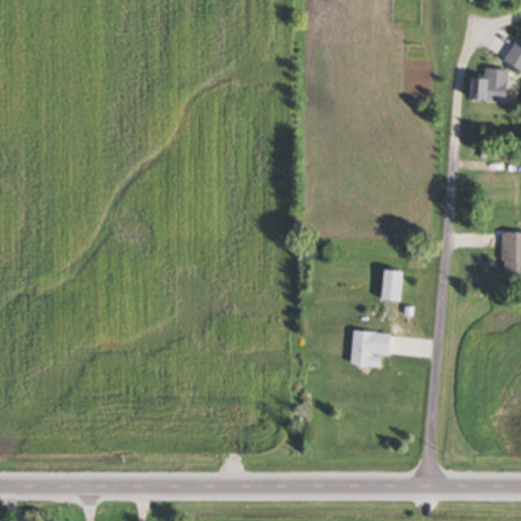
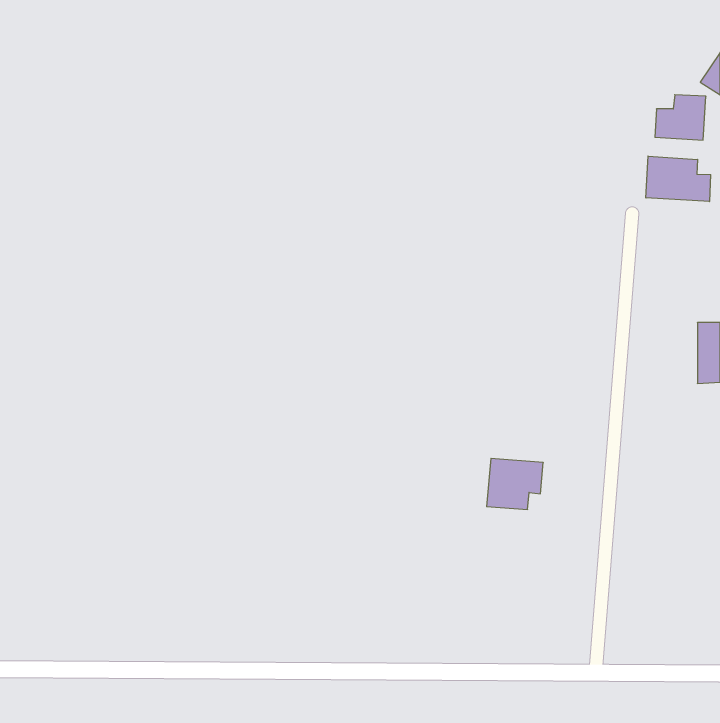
building: none -> [646,156,711,202]
building: [383,269,403,300] -> none

